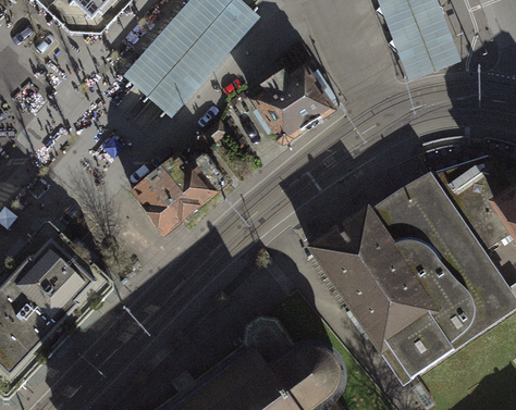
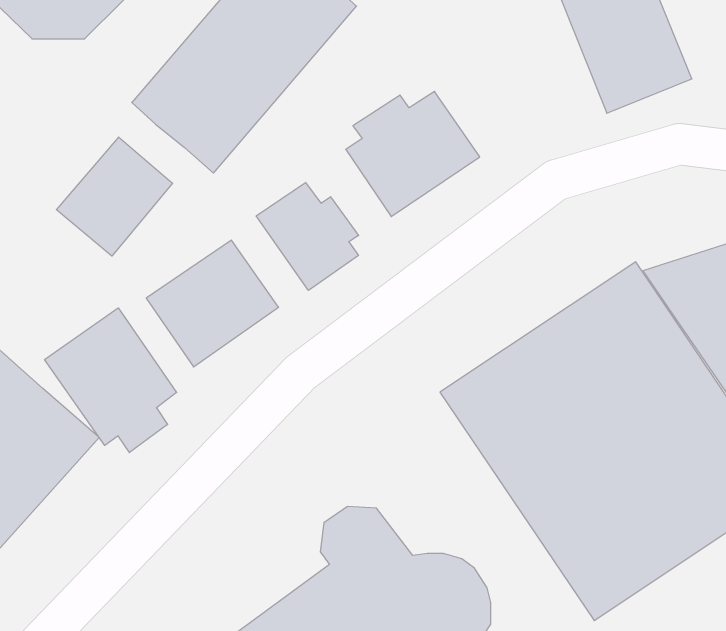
building: none -> [56,137,173,256]
building: none -> [256,182,359,290]
building: none -> [45,308,177,453]

